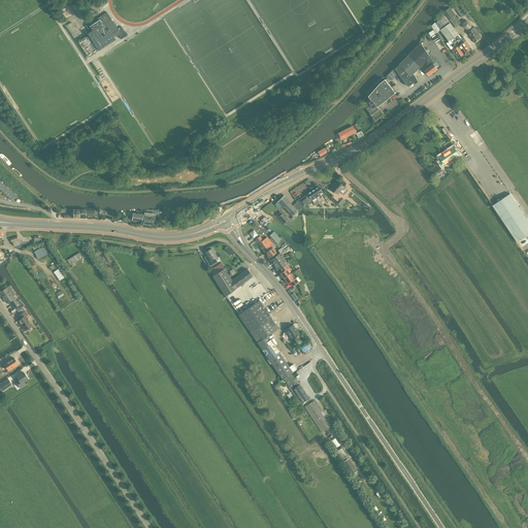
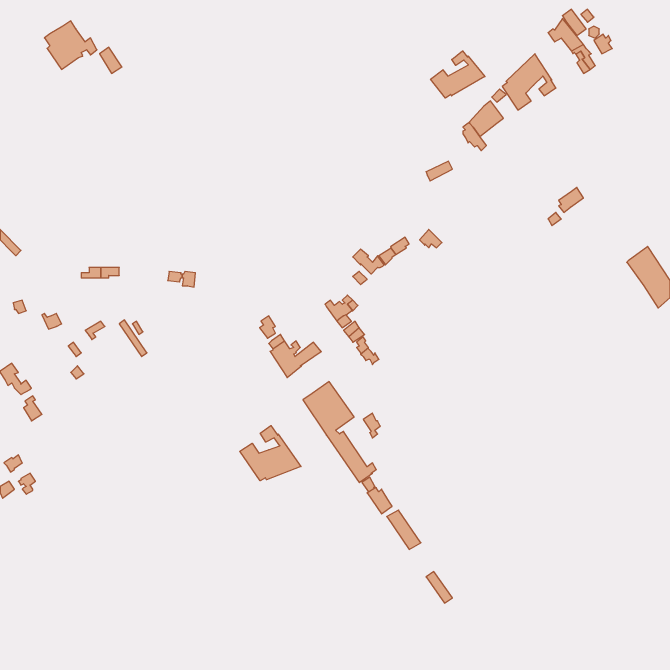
building: [86,12,127,51] -> [44,21,97,69]
building: none -> [431,51,485,98]
building: none -> [240,426,301,481]

